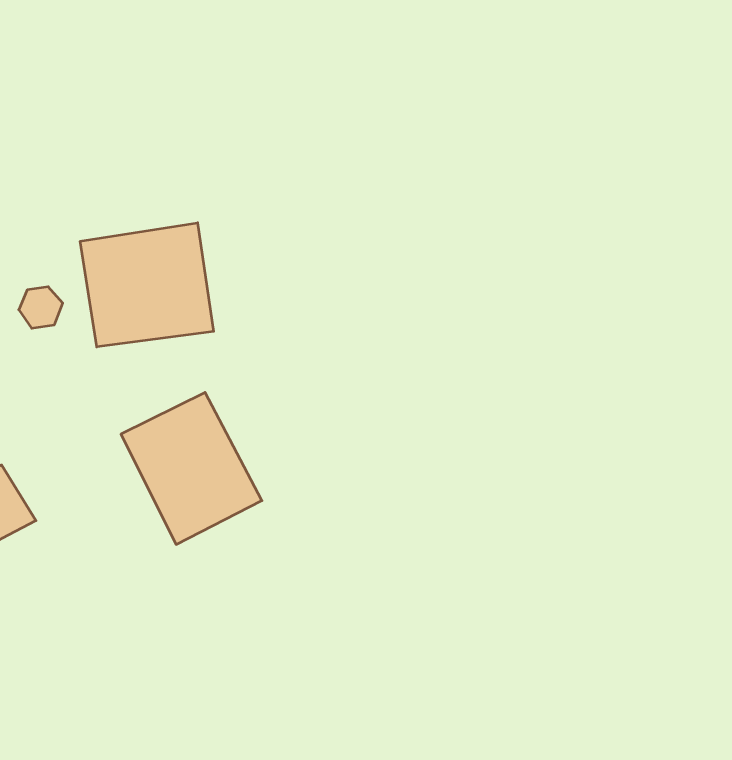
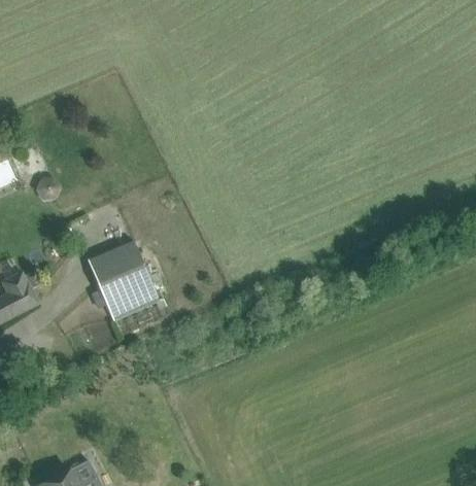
building: [80,223,214,347] -> none

